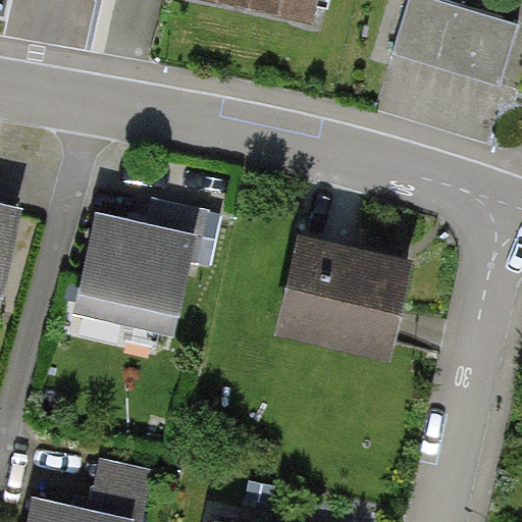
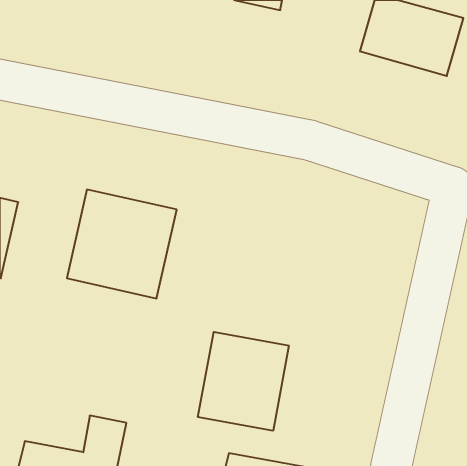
building: [279,243,405,347] -> none
building: none -> [198,332,289,431]

